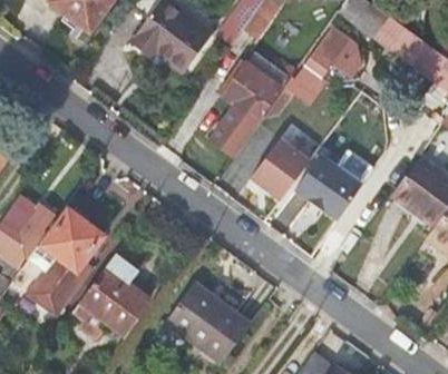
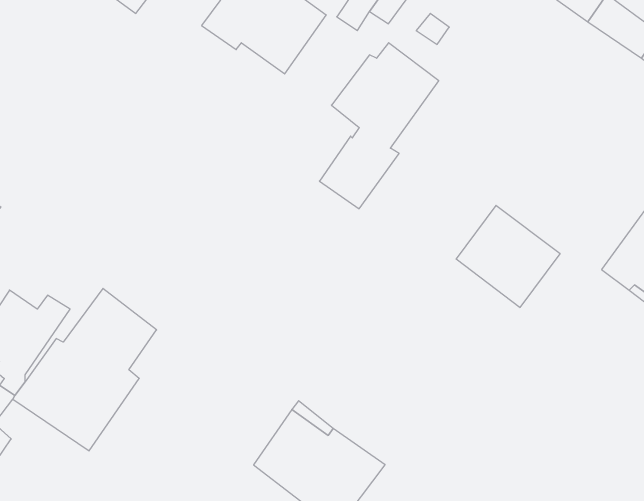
building: [286,31,343,90] -> none
building: [252,137,310,198] -> none
building: [74,254,147,337] -> none

